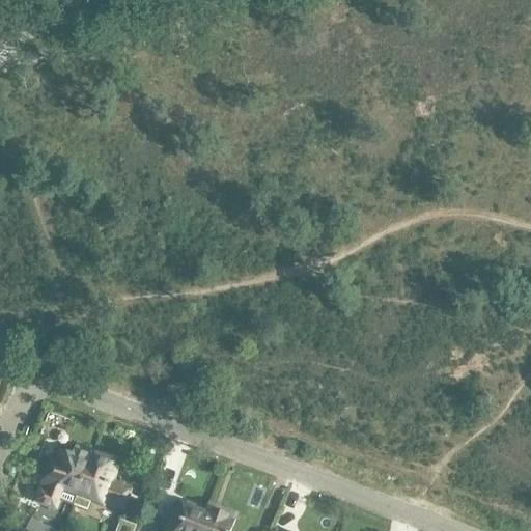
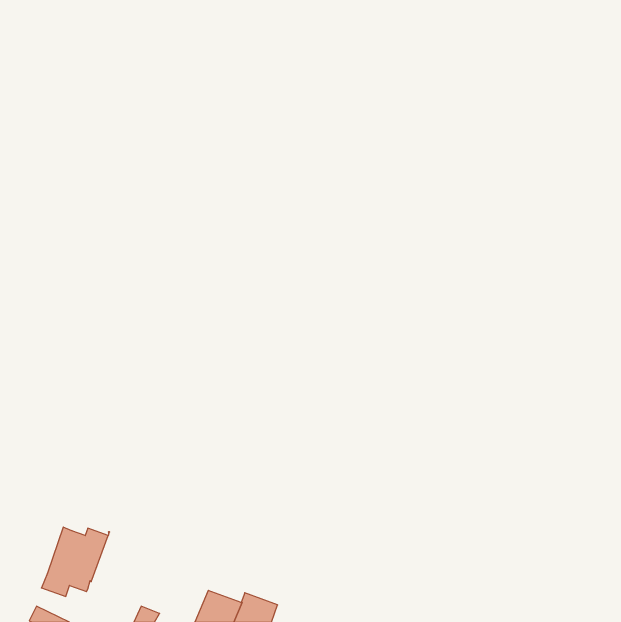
building: [76,453,132,508] -> none

